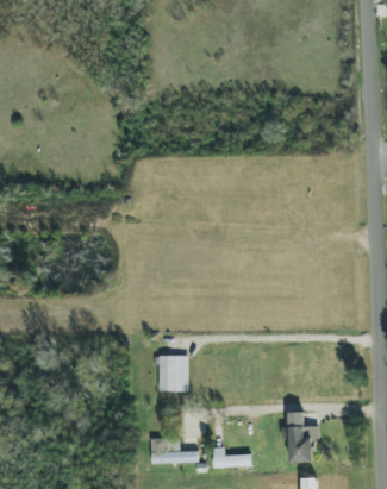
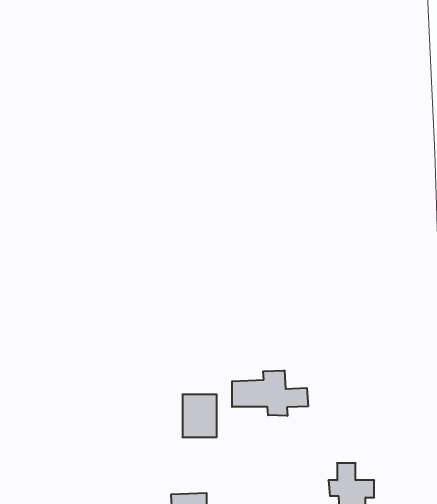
building: none -> [232,370,308,416]

